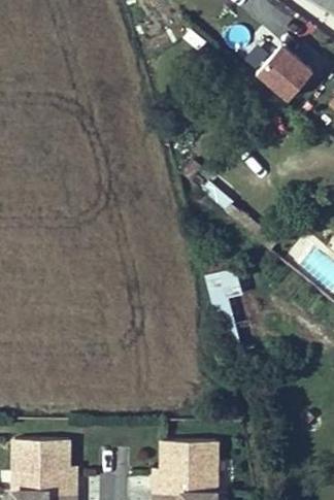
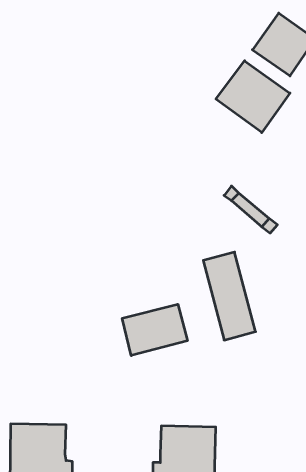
building: none -> [216,61,290,133]
building: none -> [122,304,187,356]

